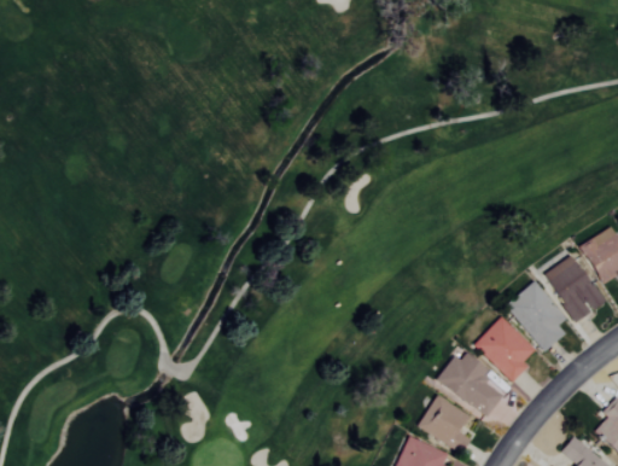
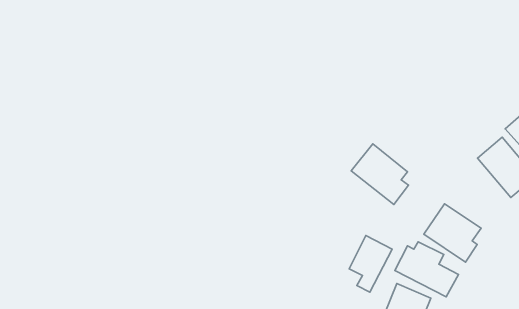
building: [506,281,566,350] -> [351,144,409,204]
building: none -> [349,236,392,292]

